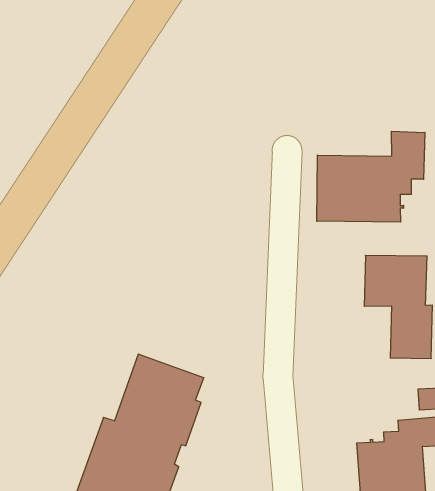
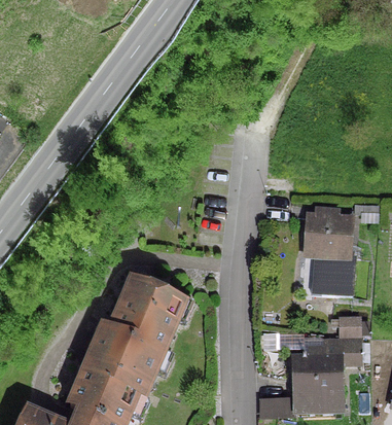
building: [317,131,425,222] -> none

